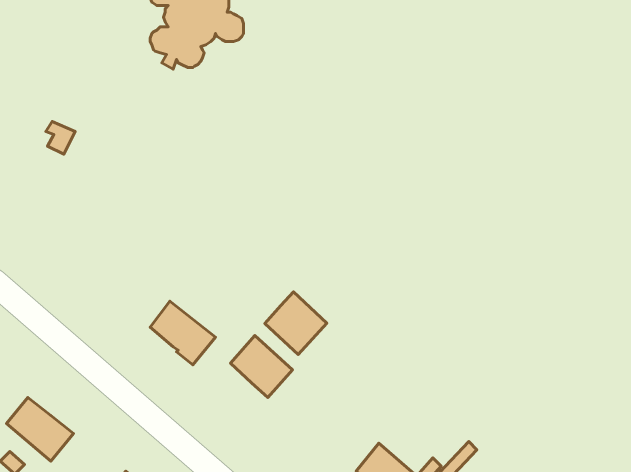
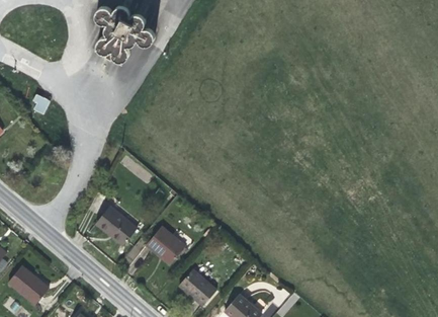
building: [265,292,327,355] -> none
building: none -> [179,268,216,305]

